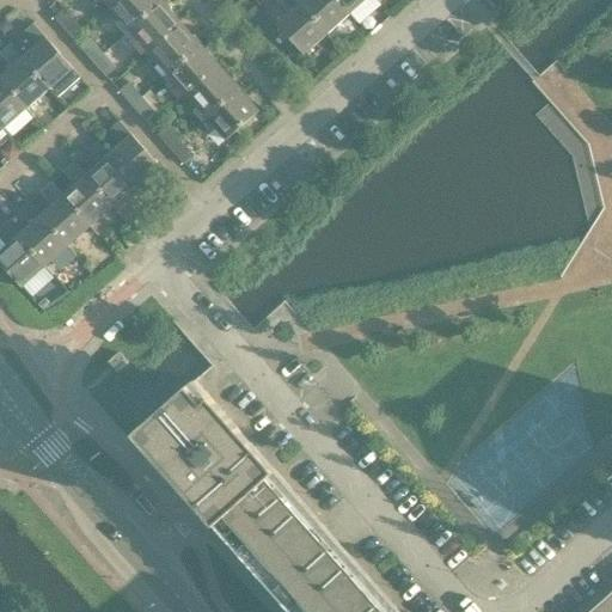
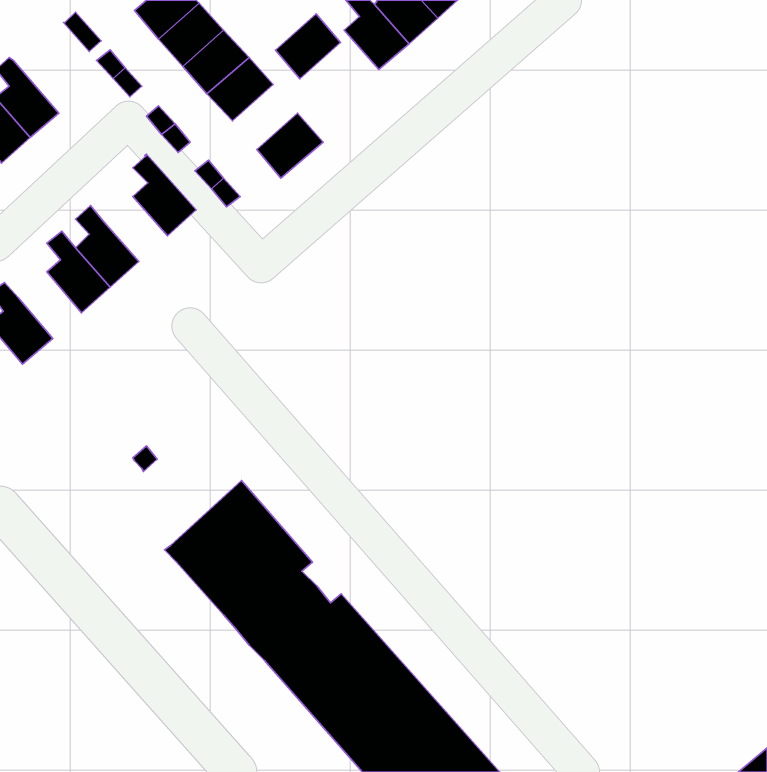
building: [11,24,76,98] -> none
building: [184,67,235,118] -> [276,14,340,79]
building: [82,142,133,207] -> none
building: [14,203,65,268] -> none

